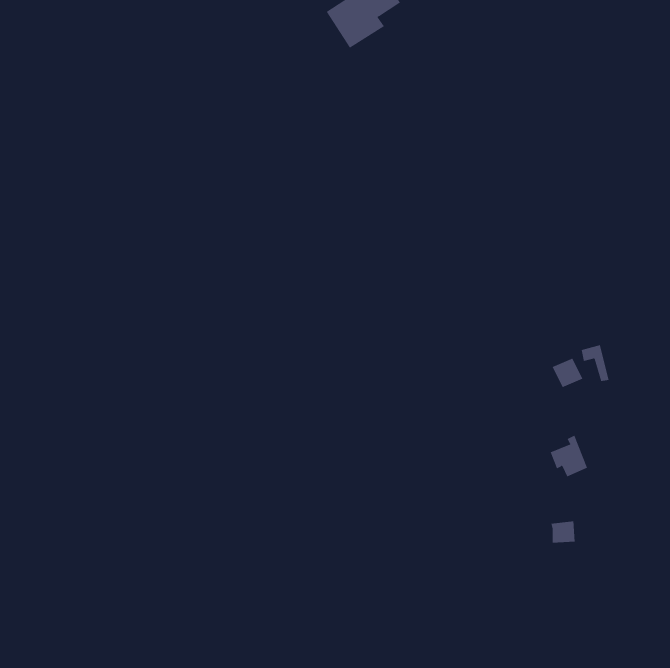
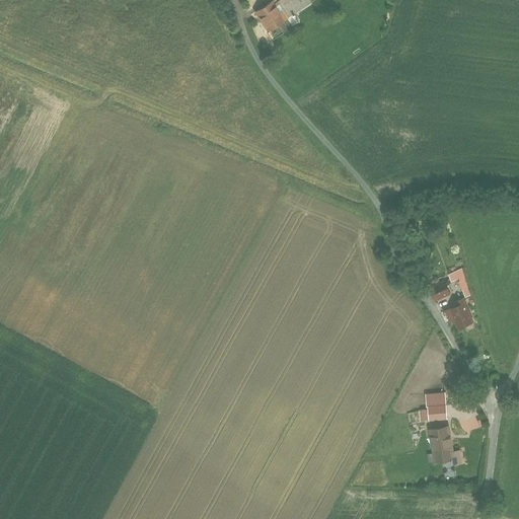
building: [550,435,588,477] -> [443,295,472,327]
building: none -> [428,423,460,461]

